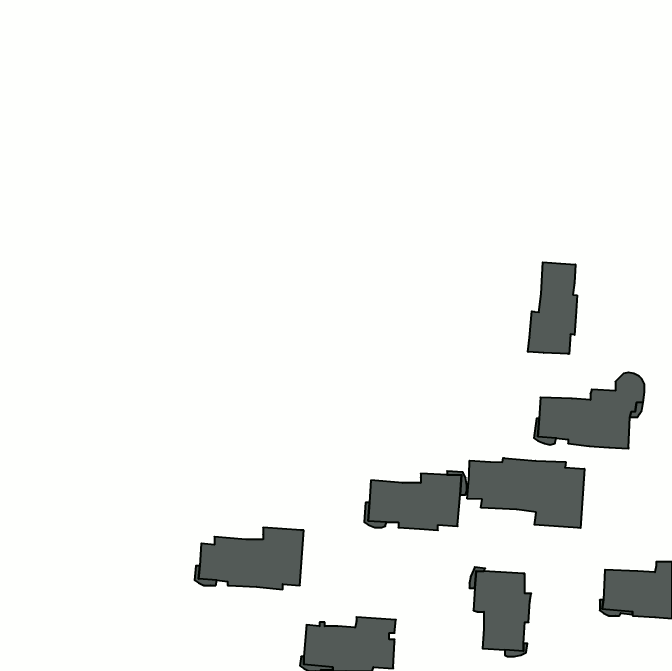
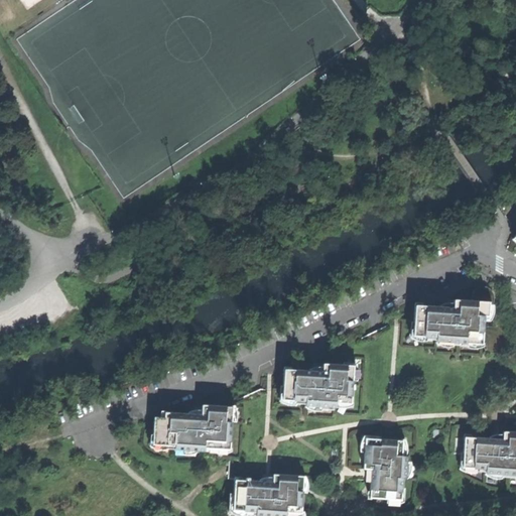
building: [528,262,577,354] -> none
building: [467,458,584,528] -> none

